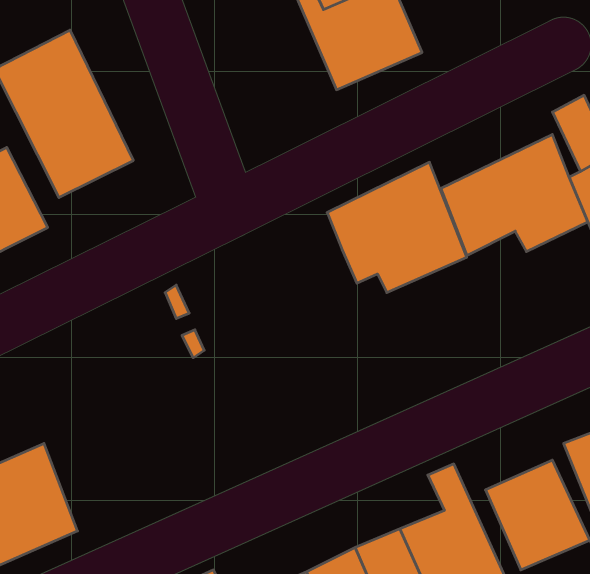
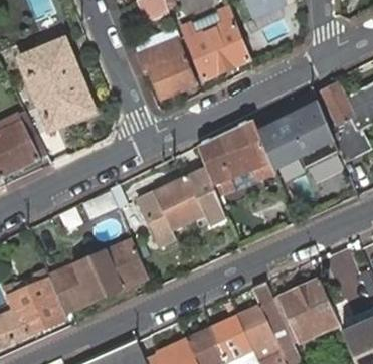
building: none -> [137,38,191,98]
building: none -> [138,166,225,244]
building: none -> [49,241,147,311]

